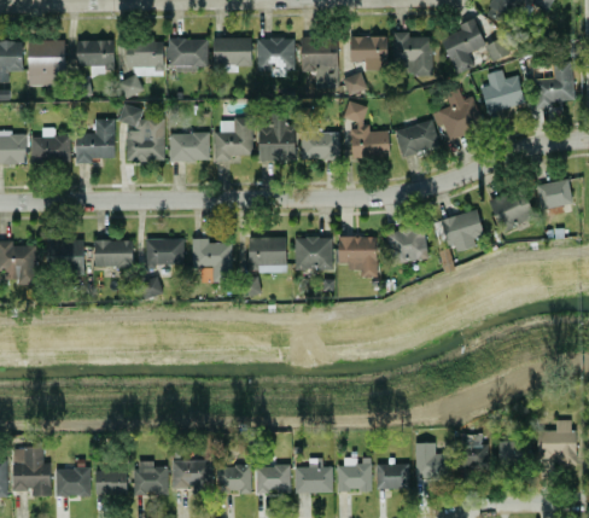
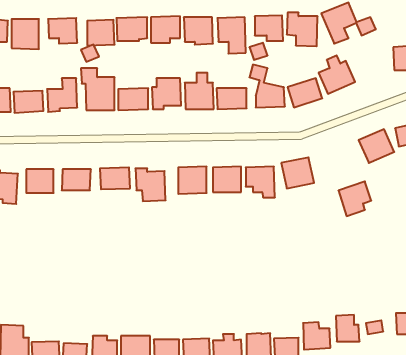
building: [479,70,525,115] -> none
building: [441,209,484,255] -> [338,181,371,216]

